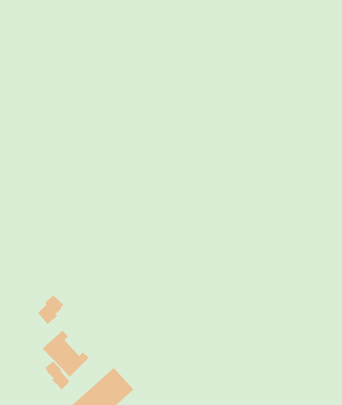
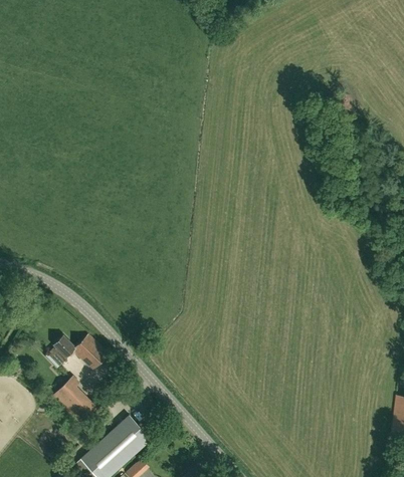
building: none -> [72,334,109,370]
building: [44,360,70,391] -> none

